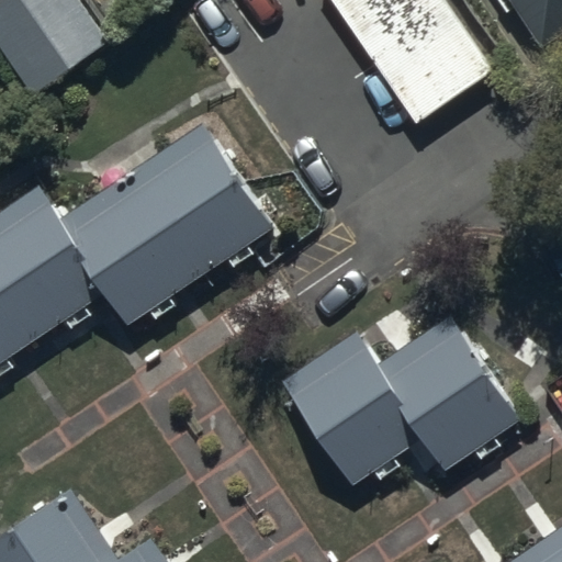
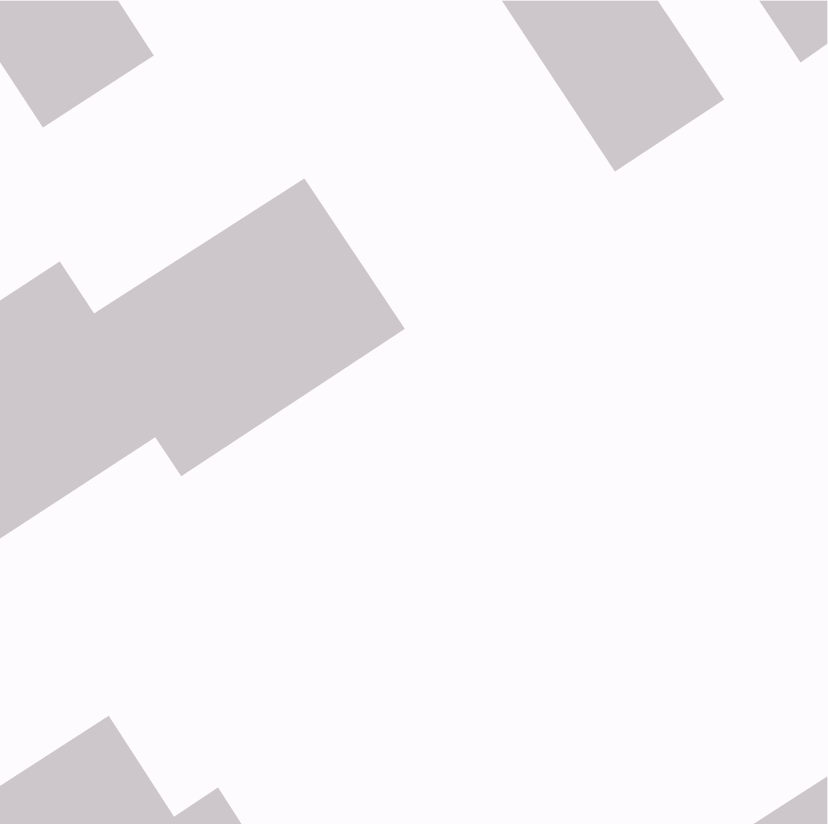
building: [281,308,521,486] -> none

